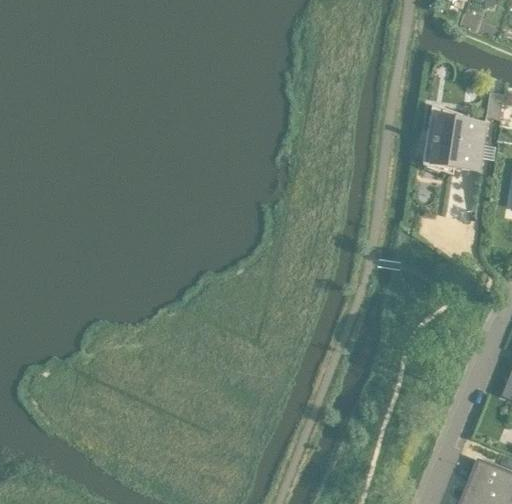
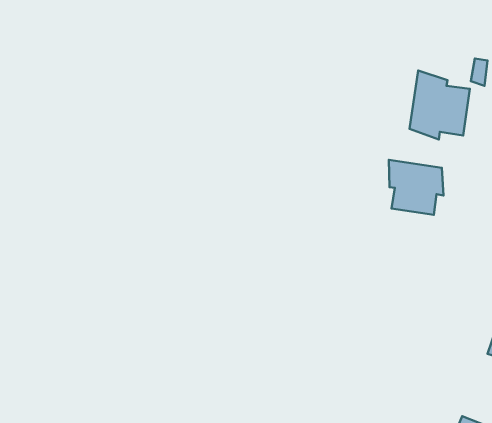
building: none -> [389,160,444,215]

